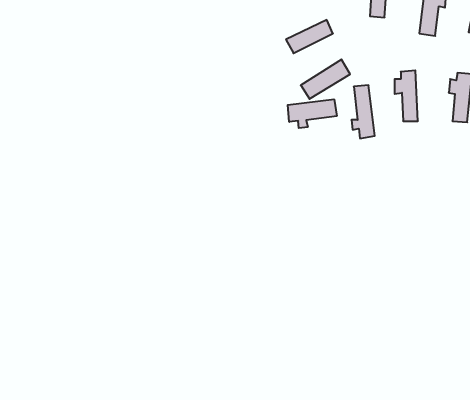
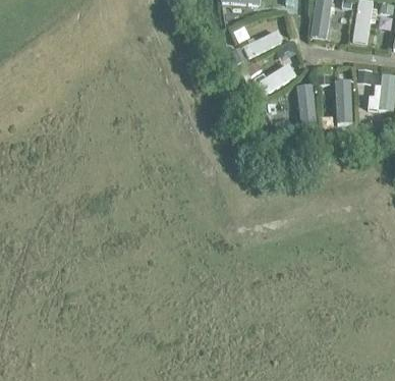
building: [288,99,337,128] -> none

